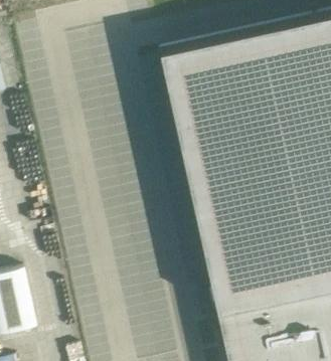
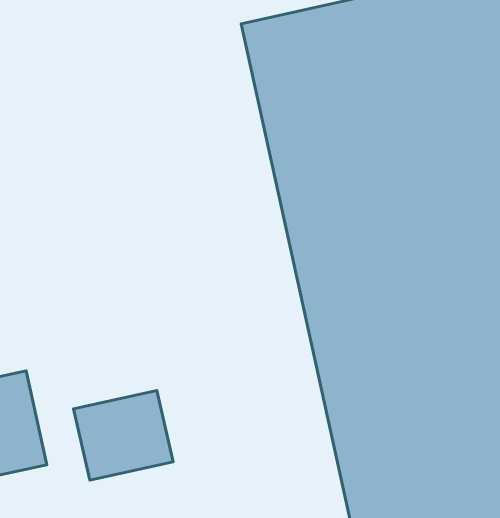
building: none -> [74,390,173,480]

